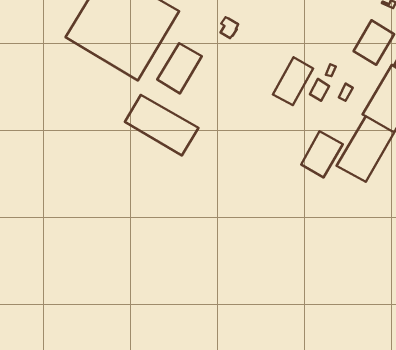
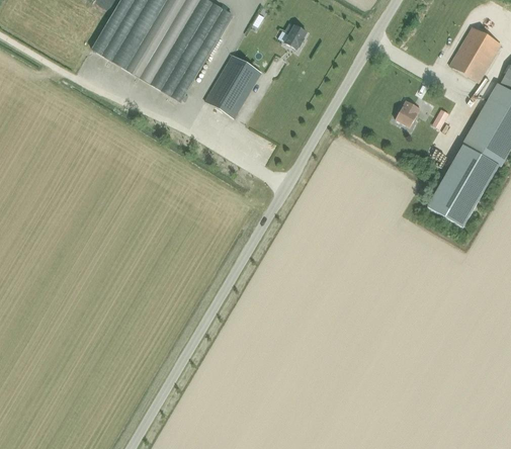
building: [273,57,313,105] -> none
building: [125,95,198,155] -> none
building: [301,131,343,178] -> none

